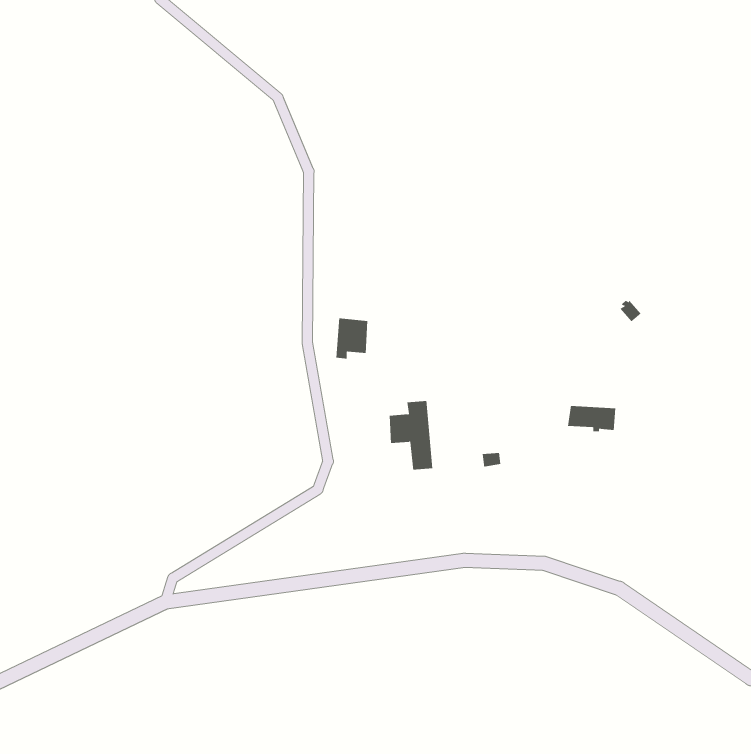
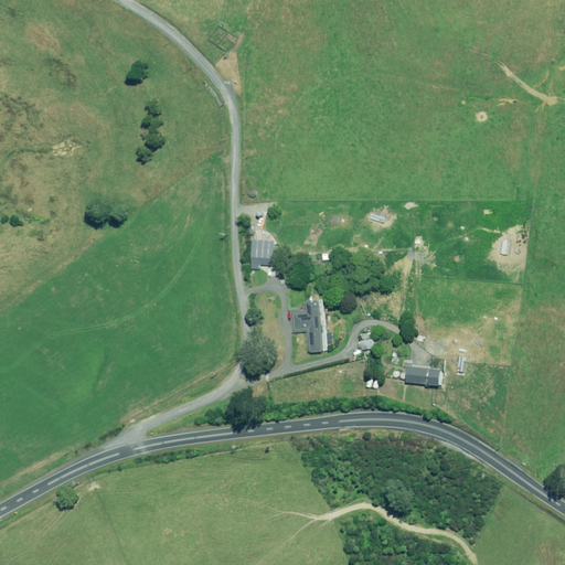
building: [567,405,616,432] -> [406,365,443,385]

